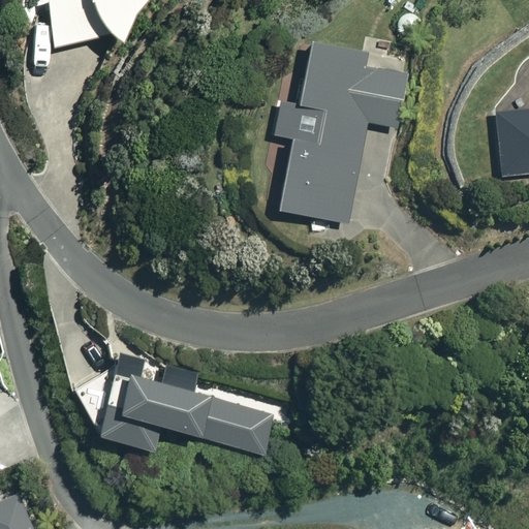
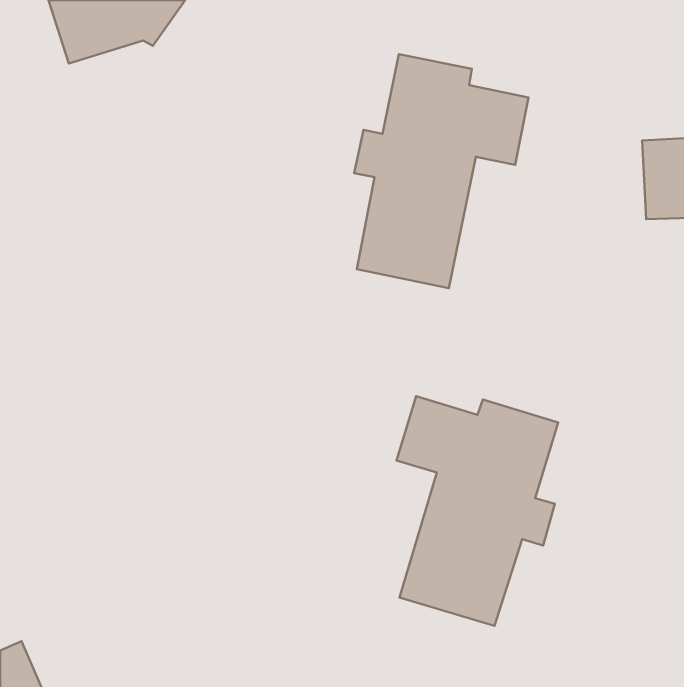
building: none -> [396,396,558,626]
building: [95,350,275,454] -> none

